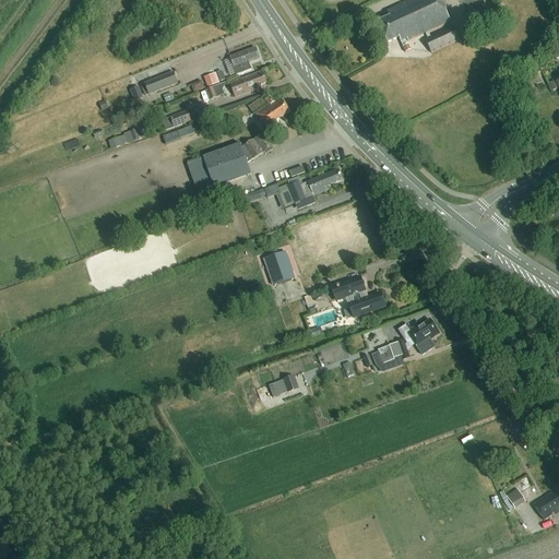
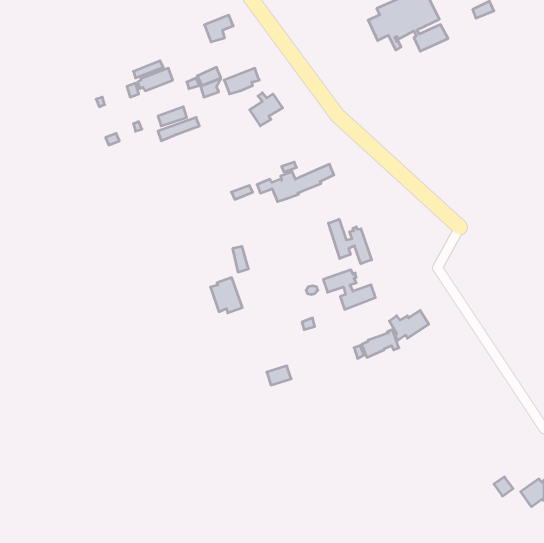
building: [229,46,259,73] -> [204,15,233,42]
building: [187,132,271,192] -> none
building: none -> [328,219,372,264]
building: [264,248,297,284] -> [210,278,242,313]

